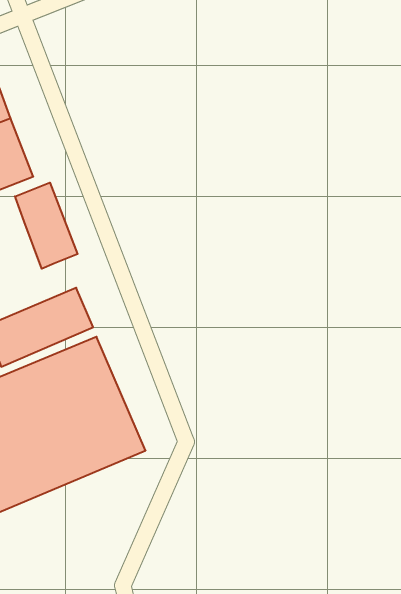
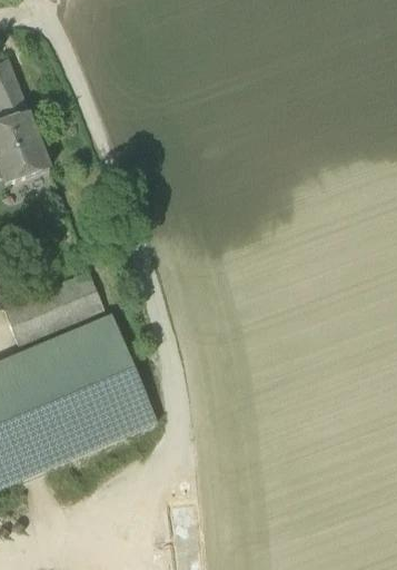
building: [15,183,78,269] -> none

